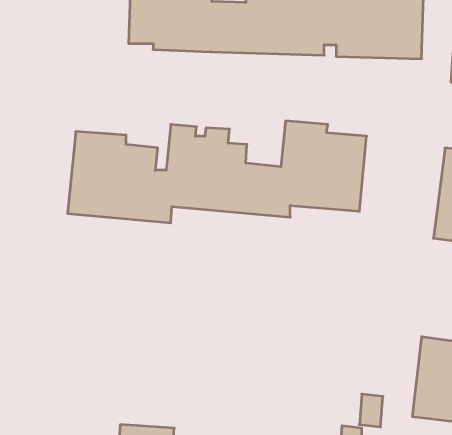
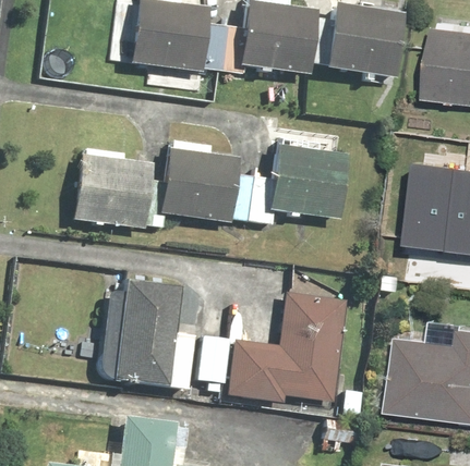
building: none -> [96,280,191,389]
building: none -> [196,292,350,405]

